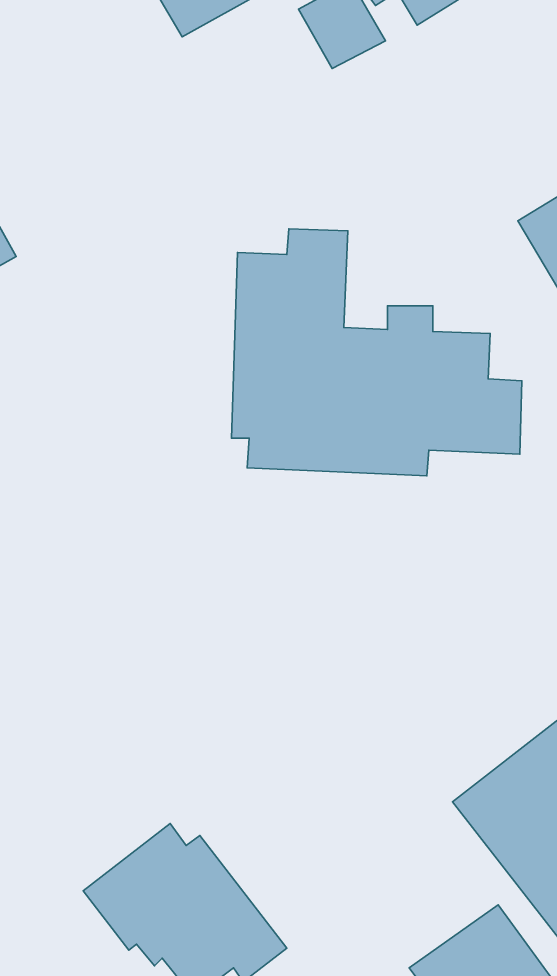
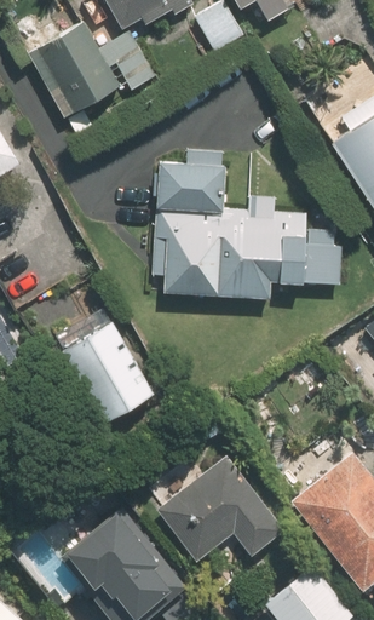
building: none -> [27,22,122,128]
building: none -> [59,315,157,423]
building: none -> [151,454,287,562]

